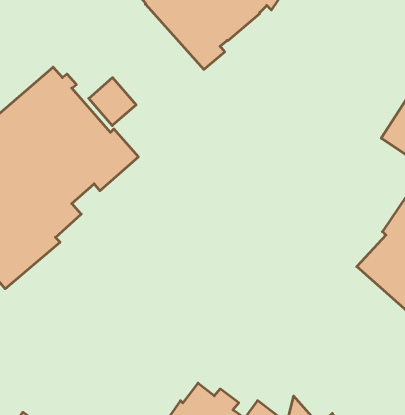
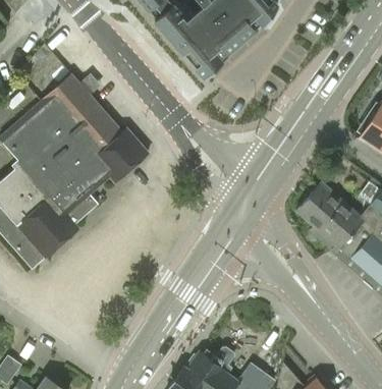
building: [89,78,136,126] -> none
building: none -> [296,183,364,251]

